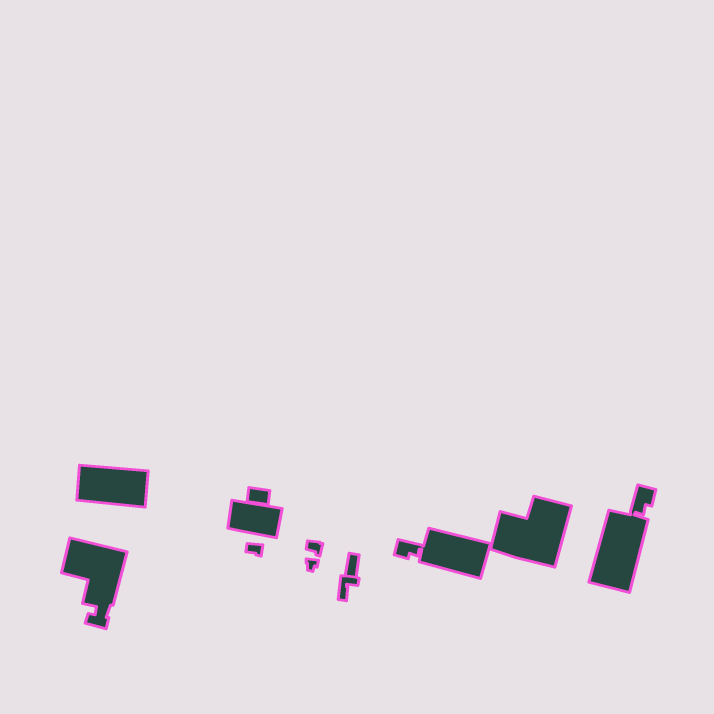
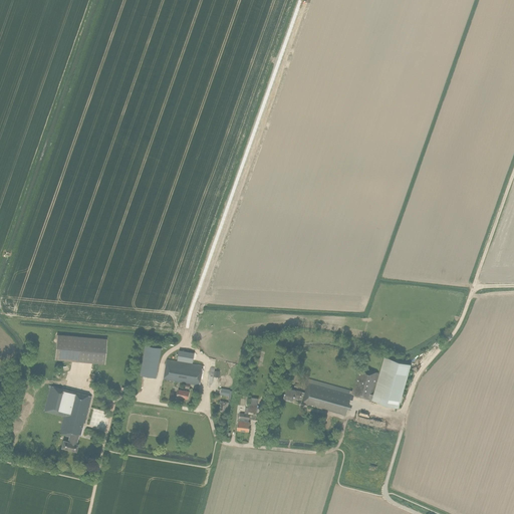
building: none -> [140,345,162,378]
building: [589,485,656,592] -> none

